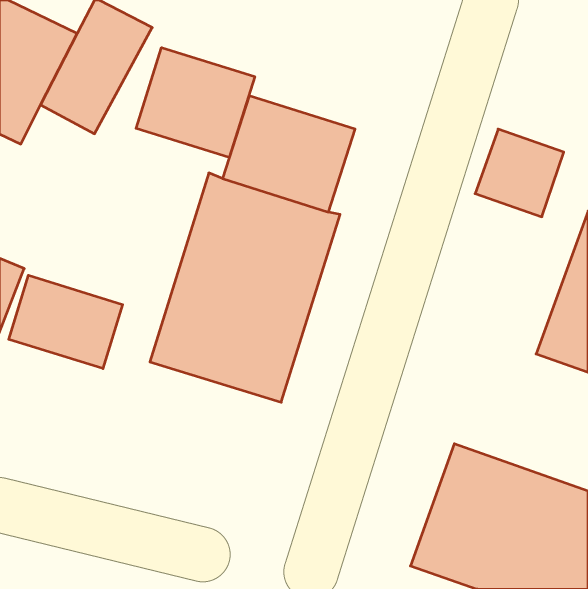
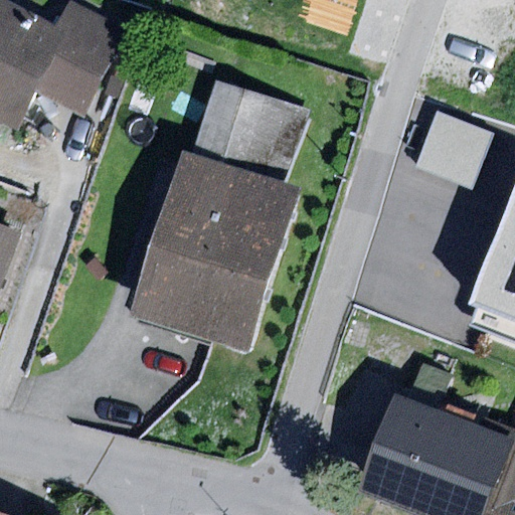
building: [136,48,255,158] -> none
building: [9,275,123,369] -> none

